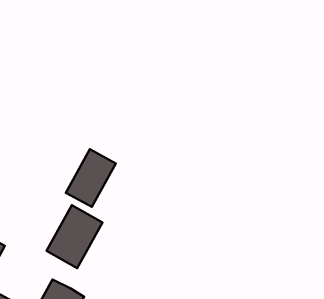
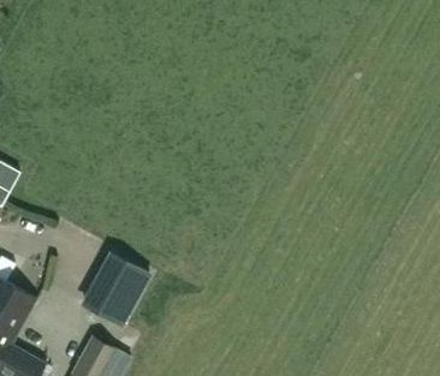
building: [66,149,116,207] -> none

